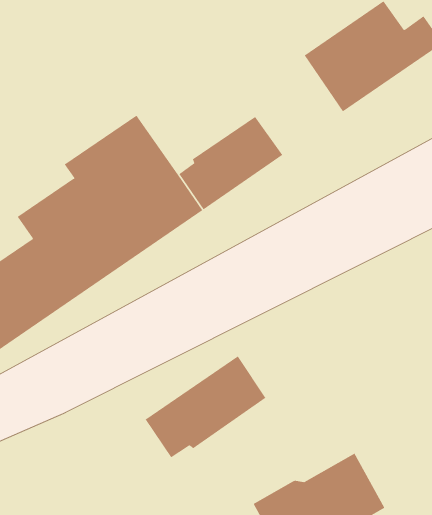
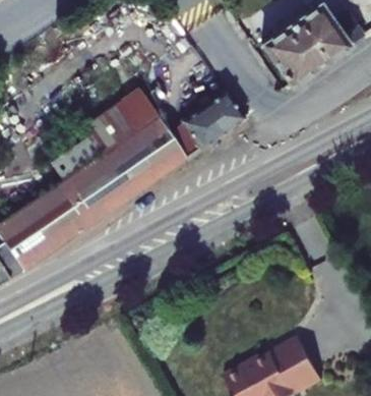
building: [145,356,266,458] -> none

